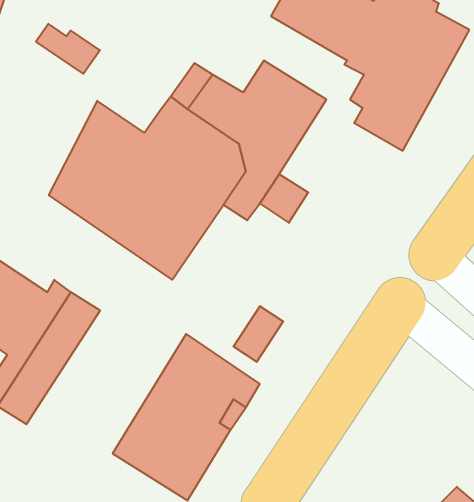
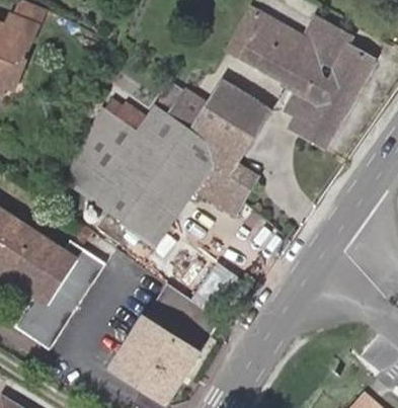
building: [36,24,100,74] -> [101,98,148,135]

